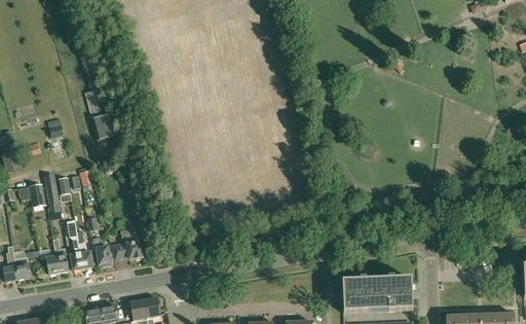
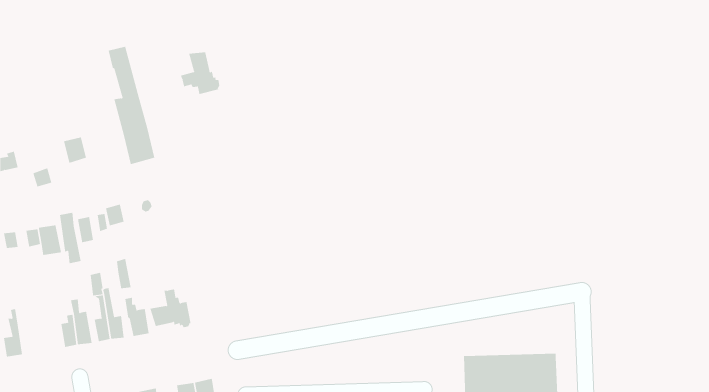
building: none -> [180,51,220,95]
building: [14,250,41,279] -> none

